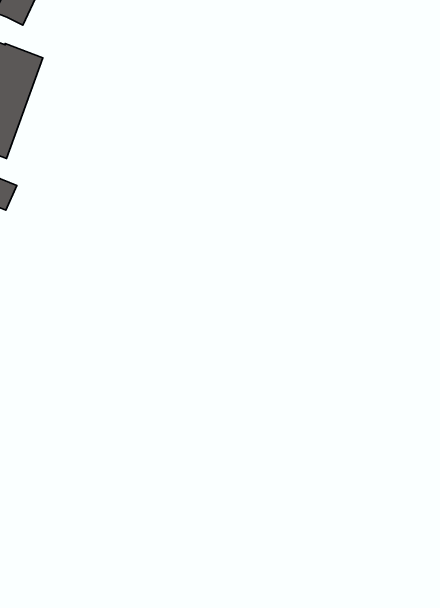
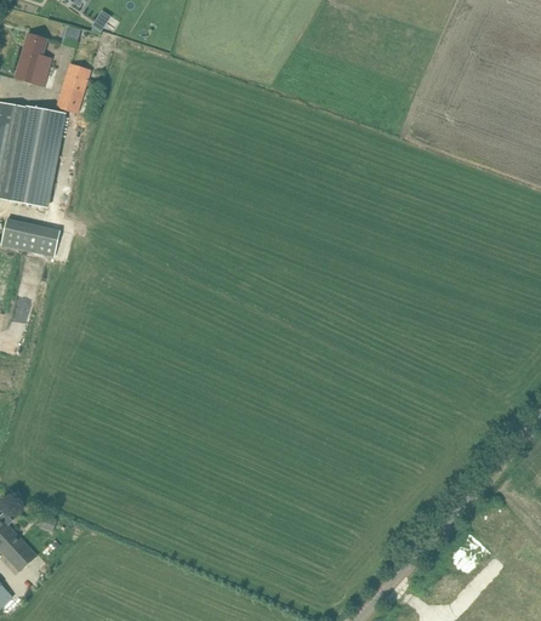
building: none -> [56,63,90,112]

